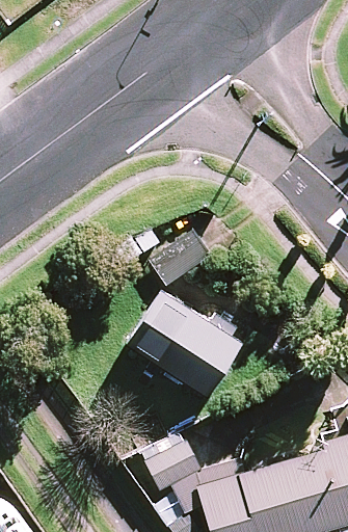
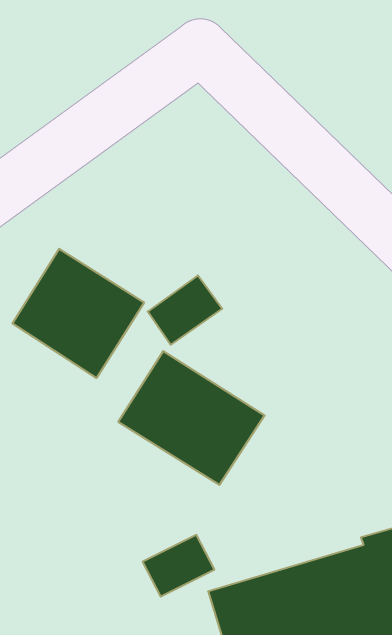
building: none -> [13,249,144,378]

